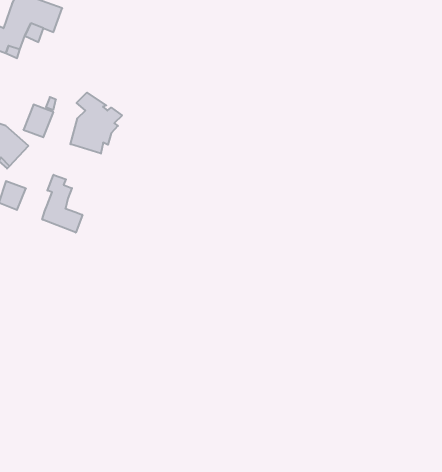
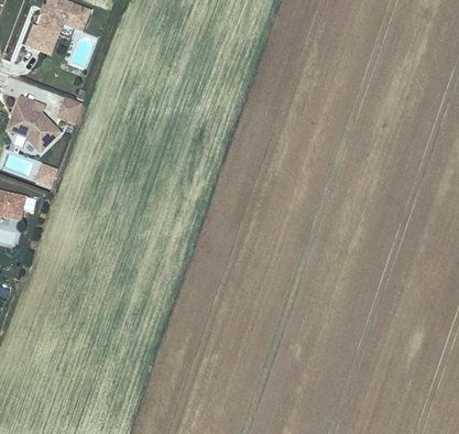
building: [70,93,122,154] -> none
building: [42,175,82,233] -> none

